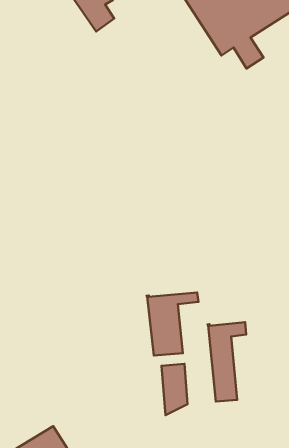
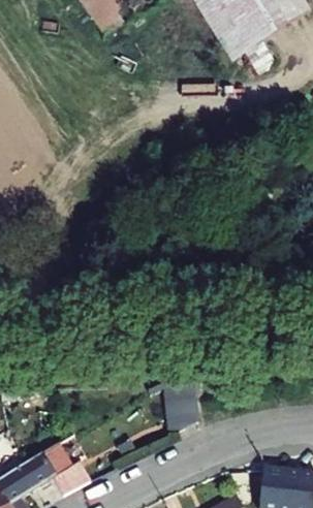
building: [146,292,198,356] -> none
building: [208,322,246,401] -> none

